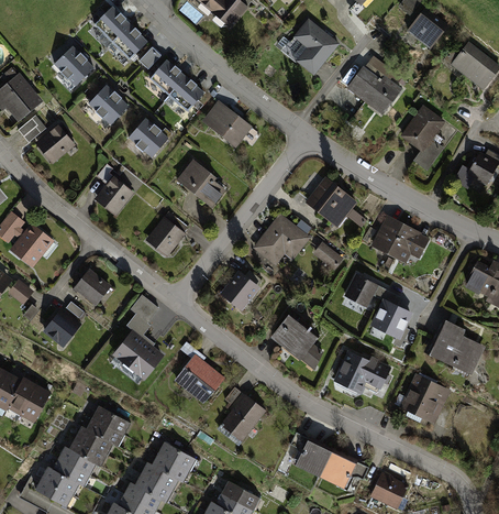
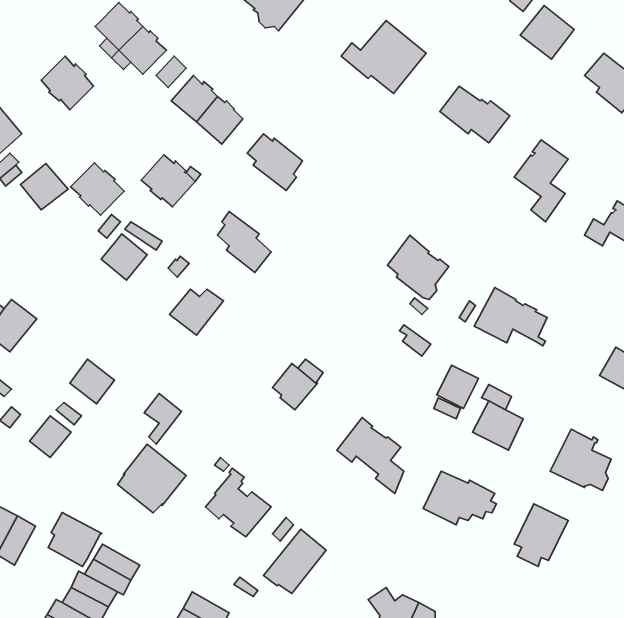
building: [89,86,129,124] -> [71,163,124,215]
building: [257,217,307,261] -> none
building: none -> [48,513,102,566]

